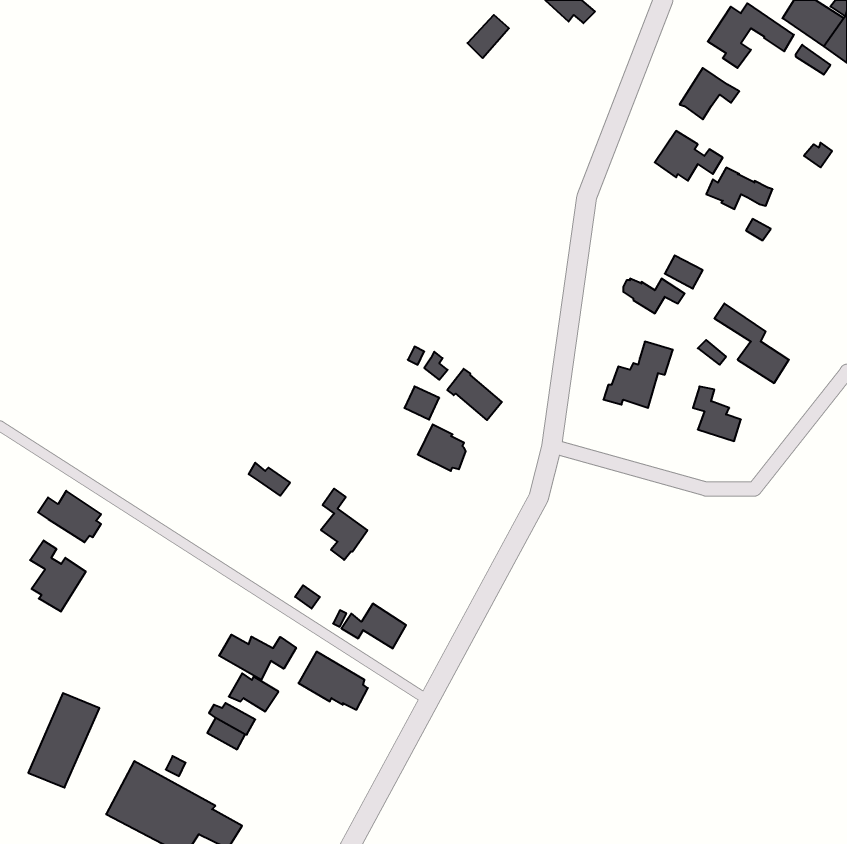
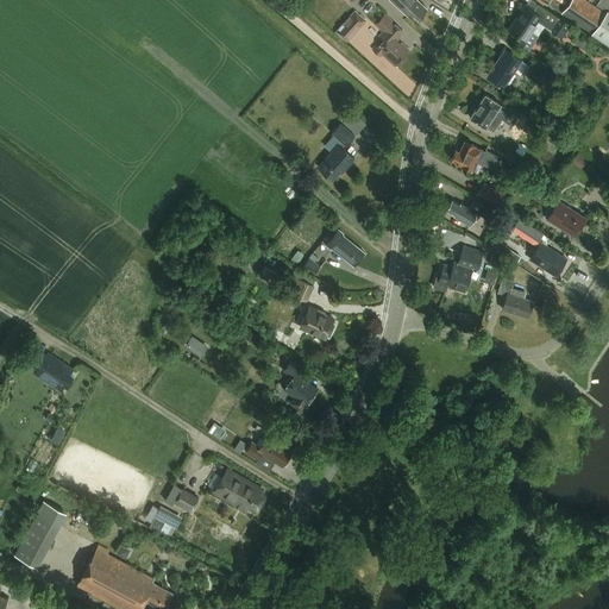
building: none -> [372,18,409,68]
building: [706,168,773,209] -> [451,143,498,172]
building: none -> [318,125,354,182]
building: none -> [547,202,585,238]
building: [447,369,502,420] -> [326,231,365,268]
building: [321,489,367,560] -> [283,360,316,412]
building: [30,540,86,612] -> none
building: [219,635,296,680] -> none

